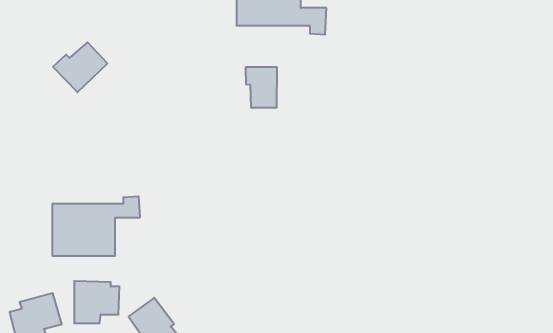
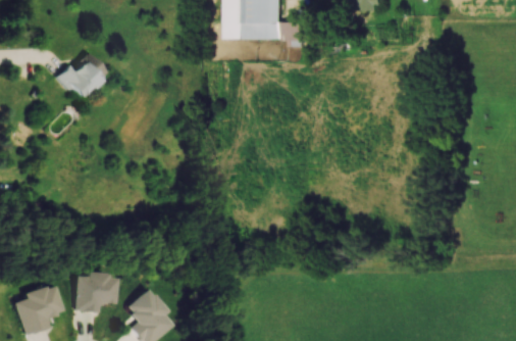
building: [246,67,277,108] -> none
building: [53,196,140,256] -> none

